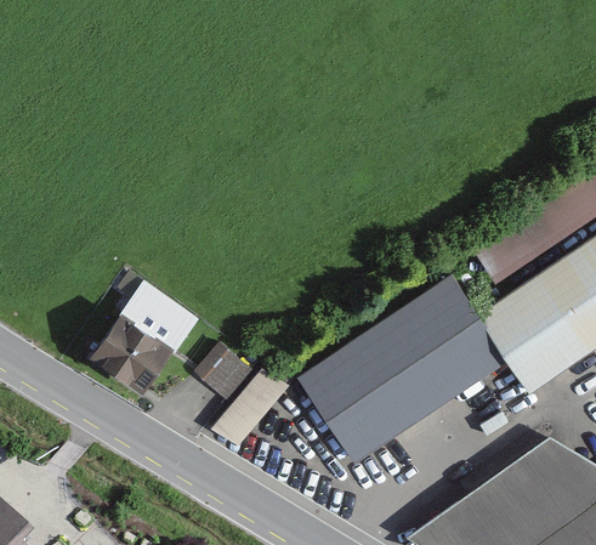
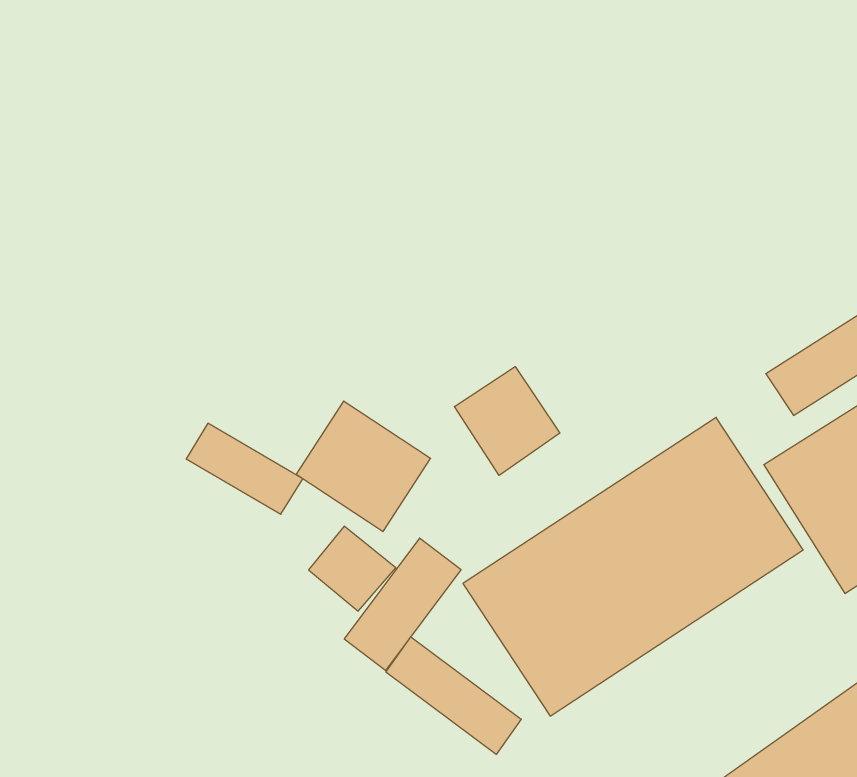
building: none -> [454,367,560,475]
building: [89,314,171,394] -> [296,401,431,532]
building: none -> [386,637,521,754]

